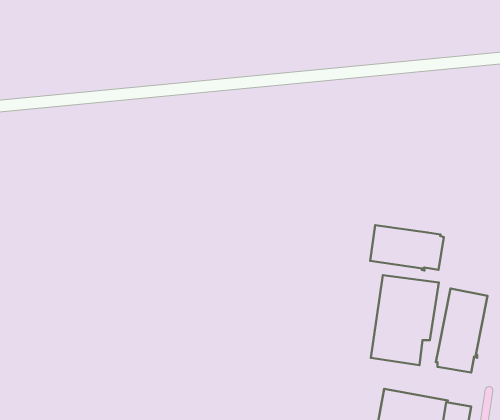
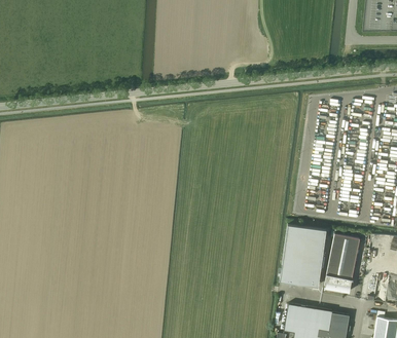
building: [370,225,444,271] -> none

